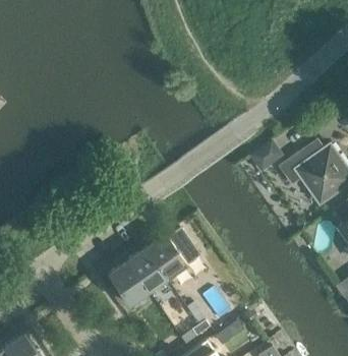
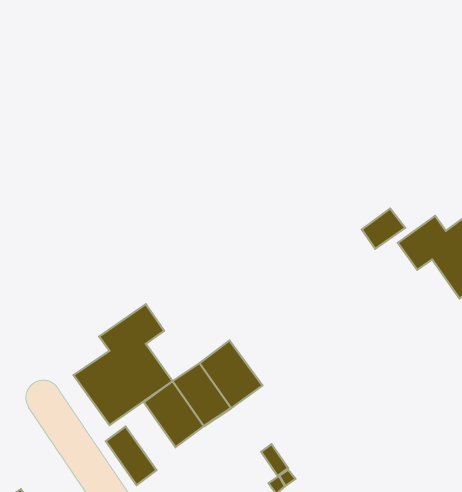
building: none -> [73,304,172,425]
building: none -> [106,426,156,485]

